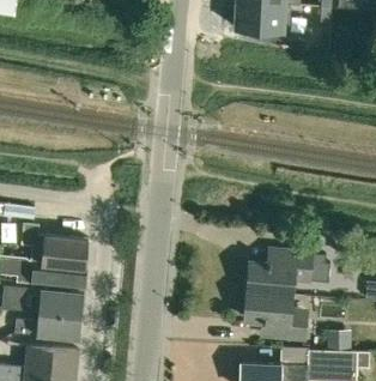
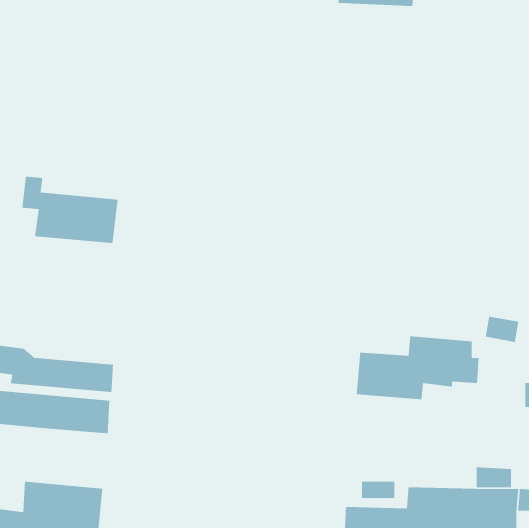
building: [25,224,90,270] -> [22,176,118,244]
building: [245,290,305,339] -> none
building: [16,313,83,340] -> none

